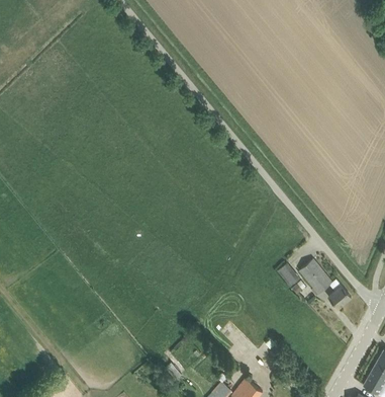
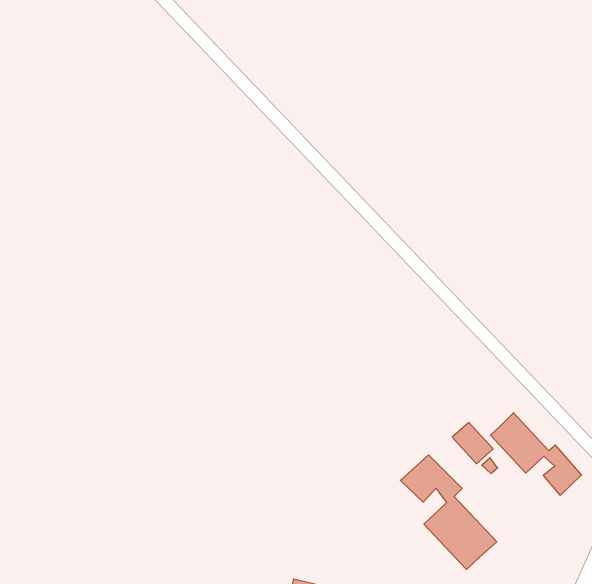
building: none -> [400,455,497,569]

